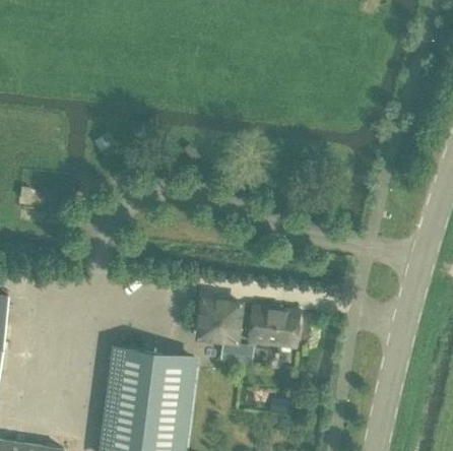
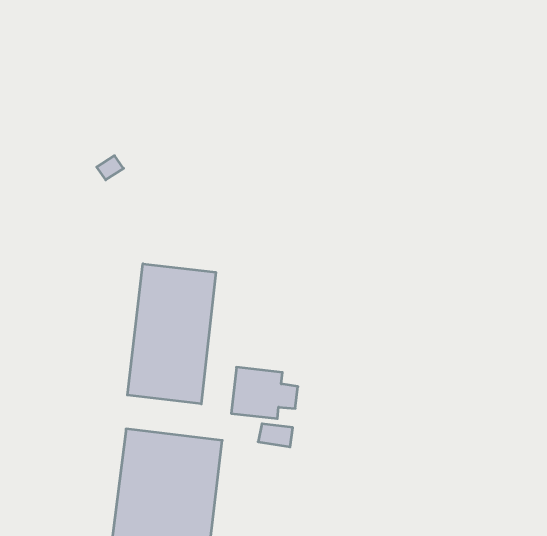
building: none -> [127,264,216,404]
building: [249,306,301,348] -> none

